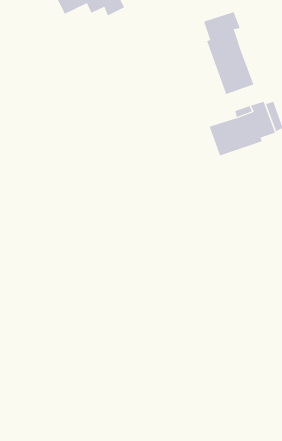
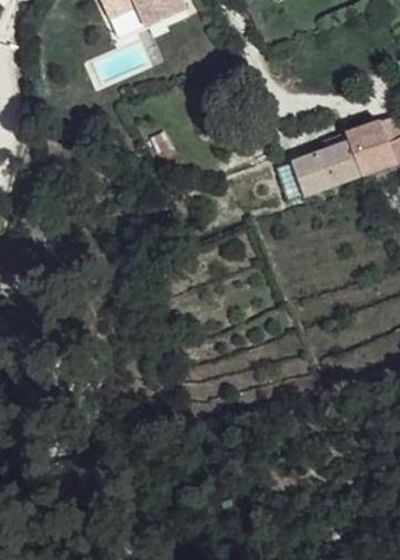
building: [203,11,254,95] -> none

